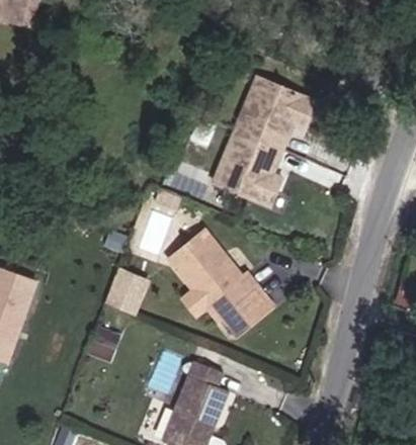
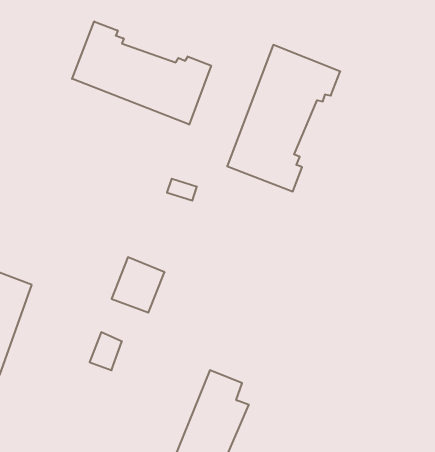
building: none -> [72,21,211,125]
building: [168,240,273,343] -> none

